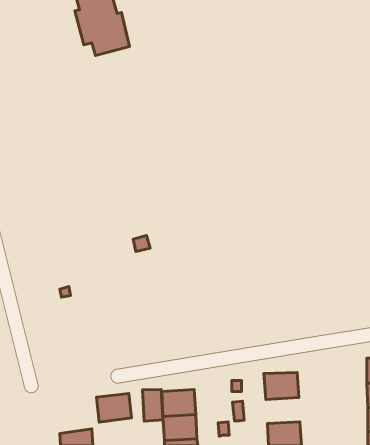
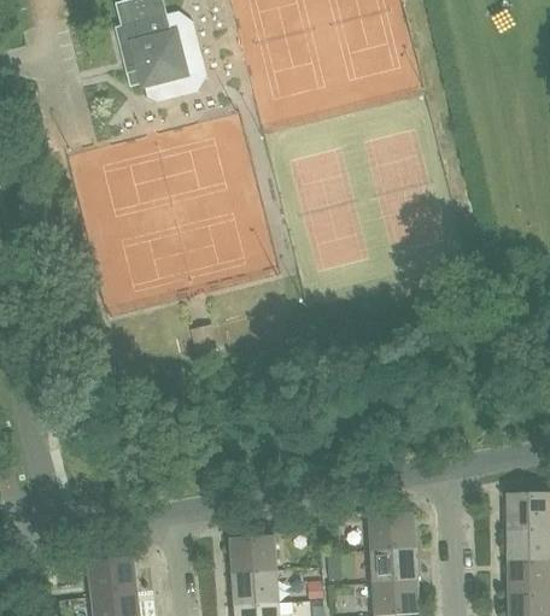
building: [143,389,163,421] -> none
building: [97,394,132,422] -> [89,558,136,597]
building: none -> [370,548,416,583]

